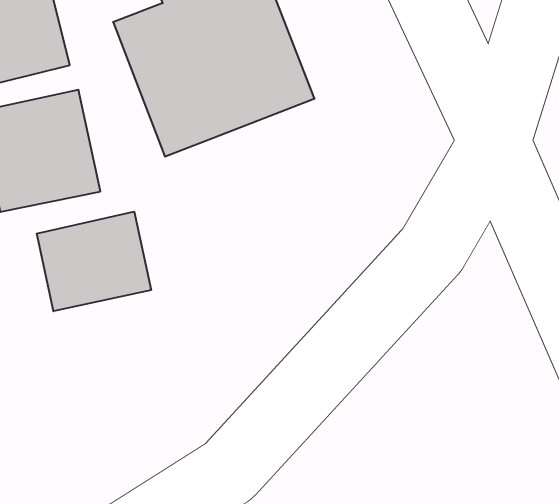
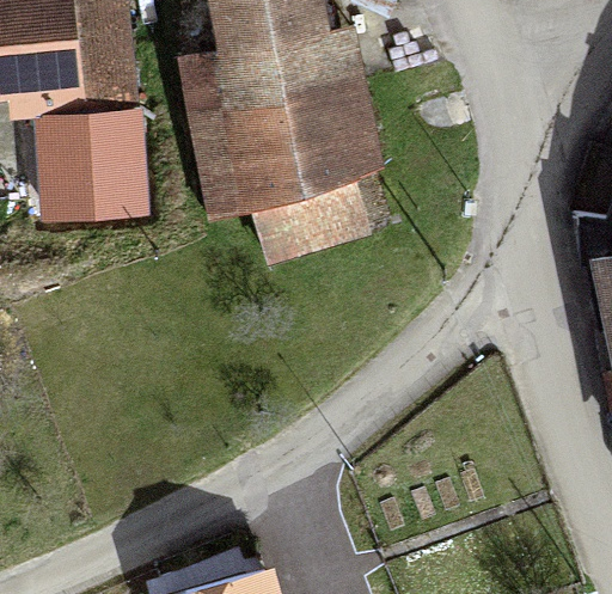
building: none -> [258,154,377,247]
building: [37,212,151,311] -> none

